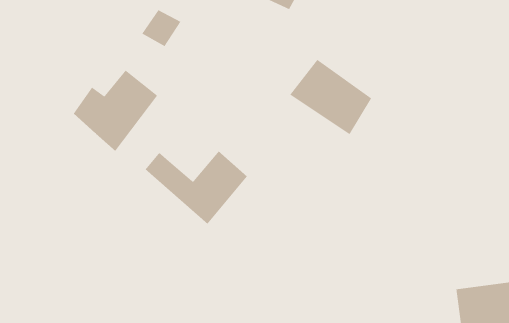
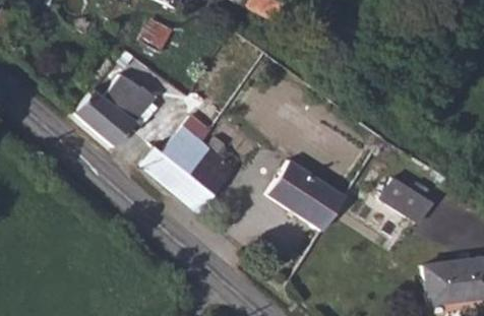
building: [289,59,372,135] -> [262,164,338,233]
building: none -> [162,124,208,172]
building: none -> [377,180,427,225]

